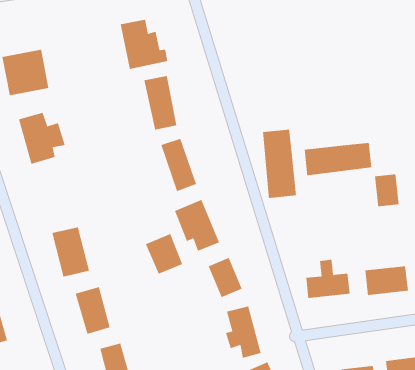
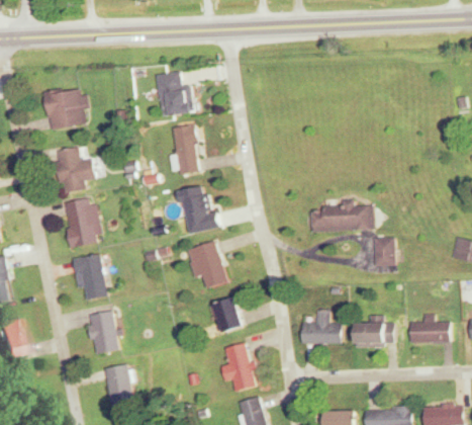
building: [262,129,297,199] -> none
building: none -> [65,198,97,247]
building: [145,233,183,274] -> none

